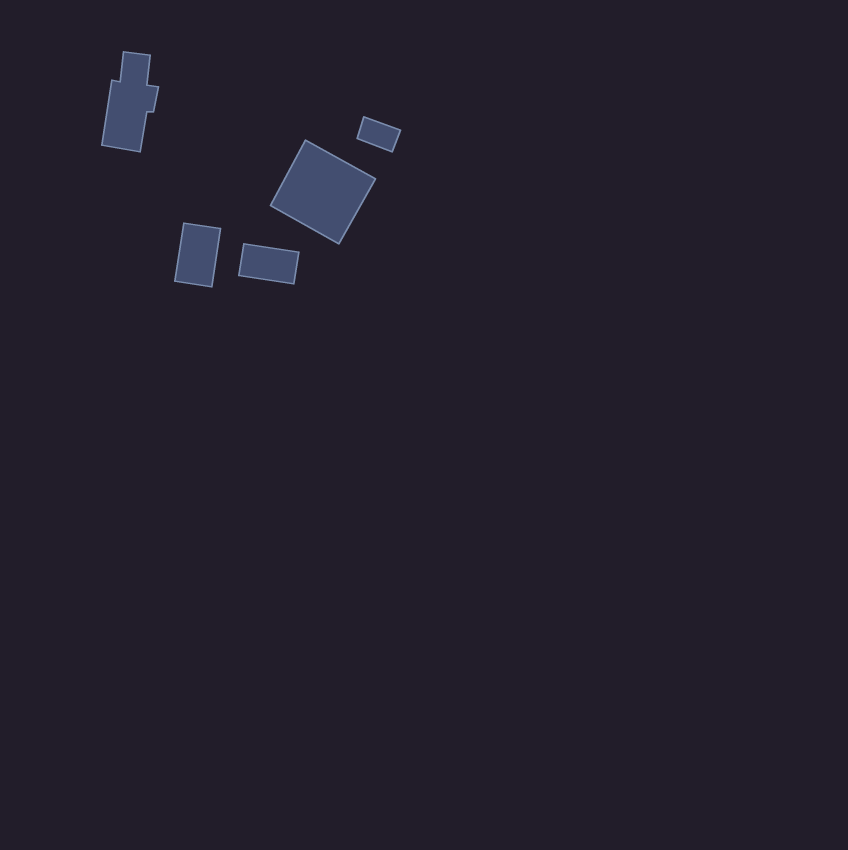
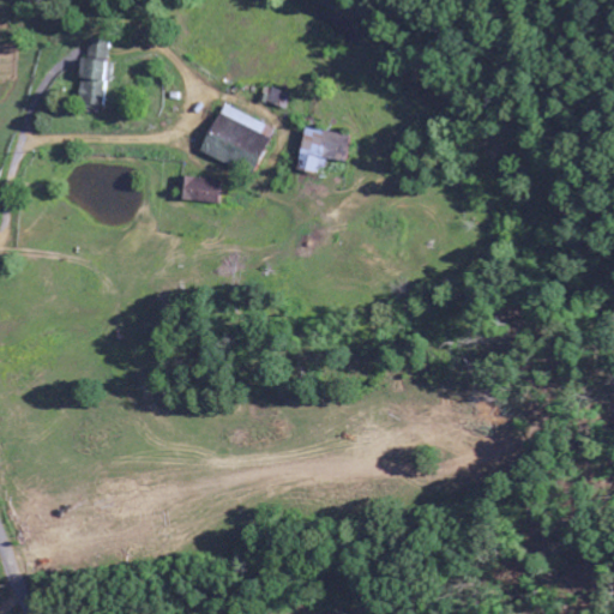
building: none -> [296,127,351,174]
building: [175,223,221,287] -> none

